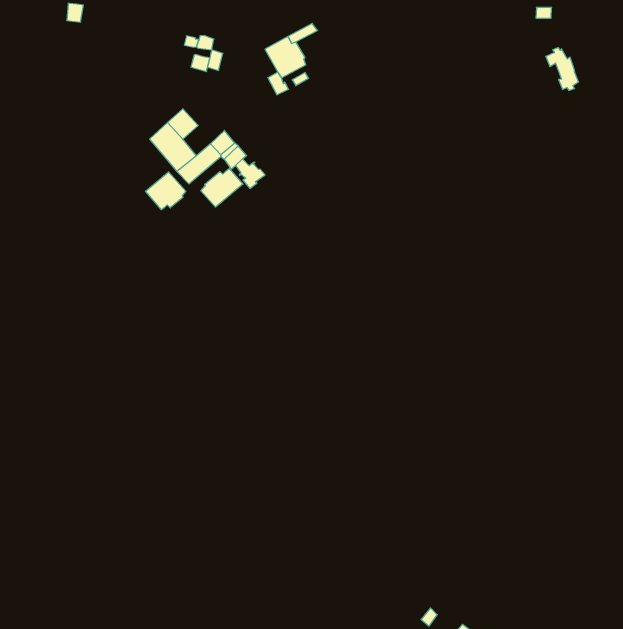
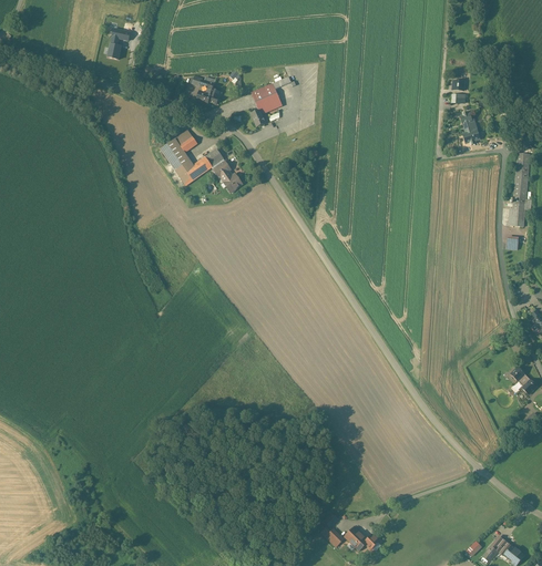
building: [201,168,243,207] -> none
building: [146,172,186,210] -> none

